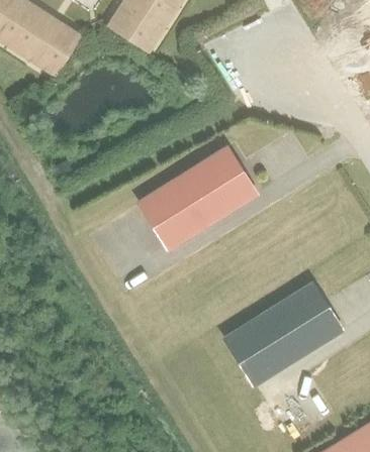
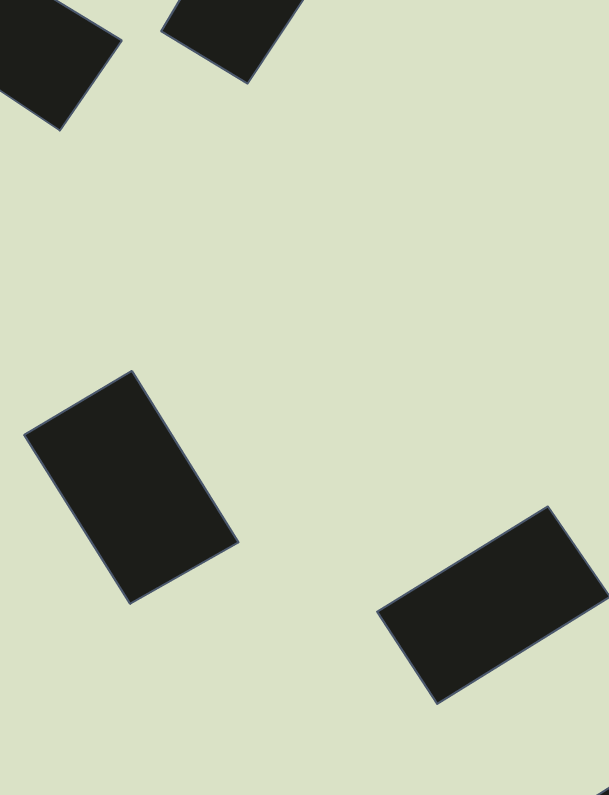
building: [136,145,263,254] -> none
building: none -> [24,371,238,604]

